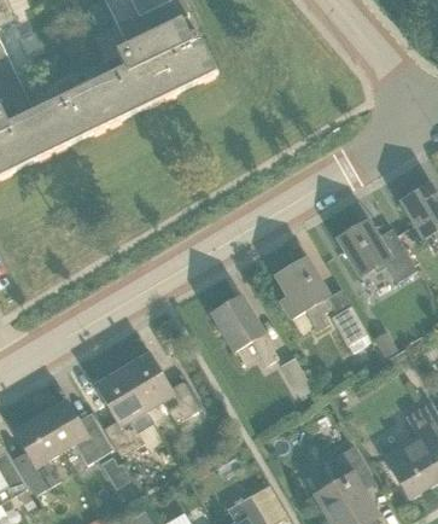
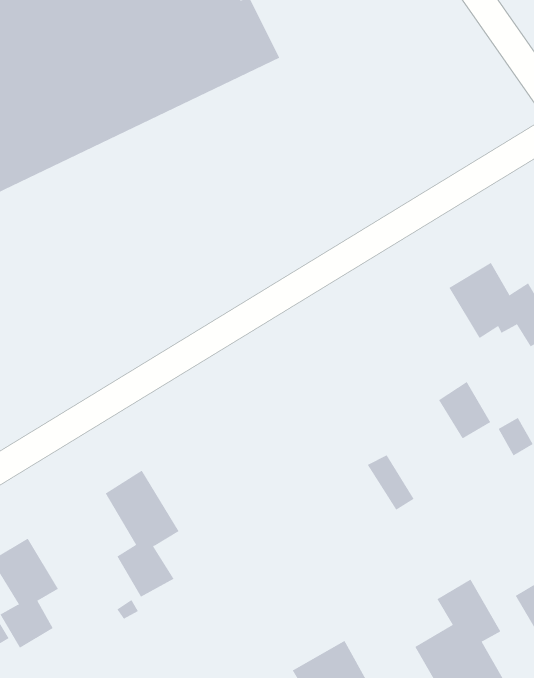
building: [275,256,332,328] -> none
building: [211,295,279,363] -> none
building: [121,350,199,424] -> none
building: [40,398,110,462] -> none

